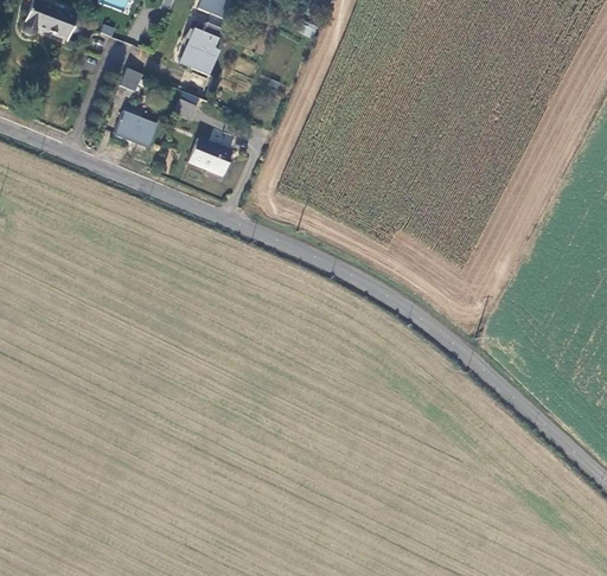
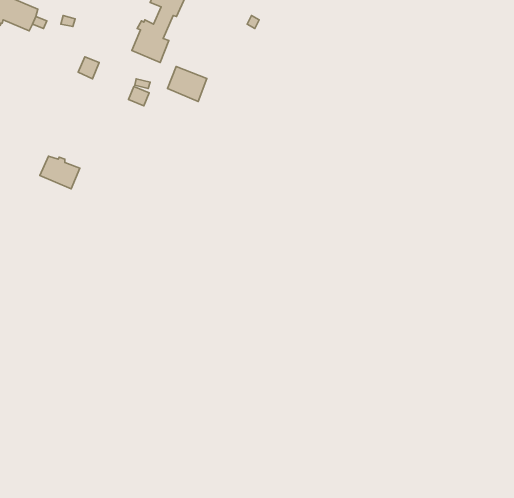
building: [114,110,158,146] -> [40,156,80,189]
building: [189,137,231,175] -> [168,67,207,101]

